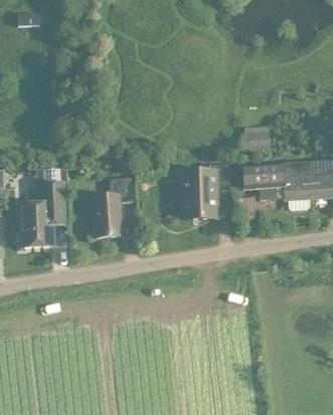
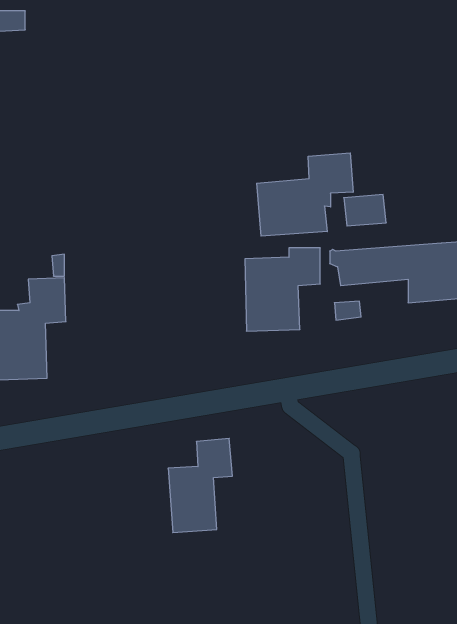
building: none -> [257,153,353,236]
building: [92,178,133,238] -> [168,438,232,533]

